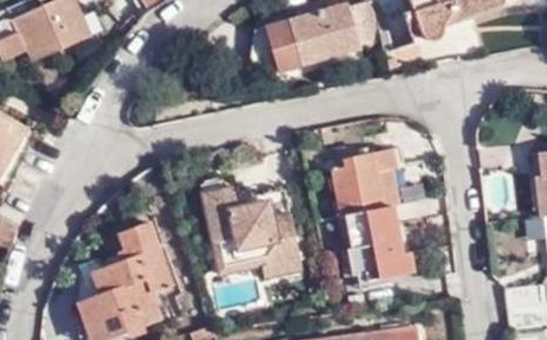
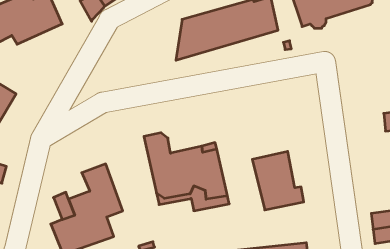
building: [330,150,399,218] -> none

